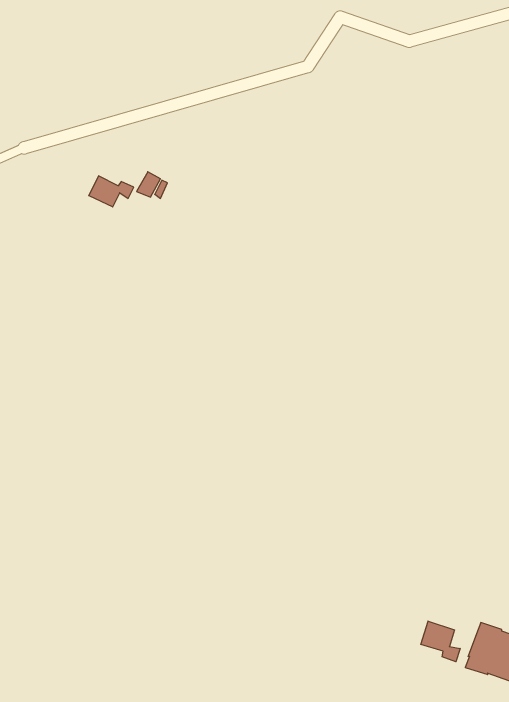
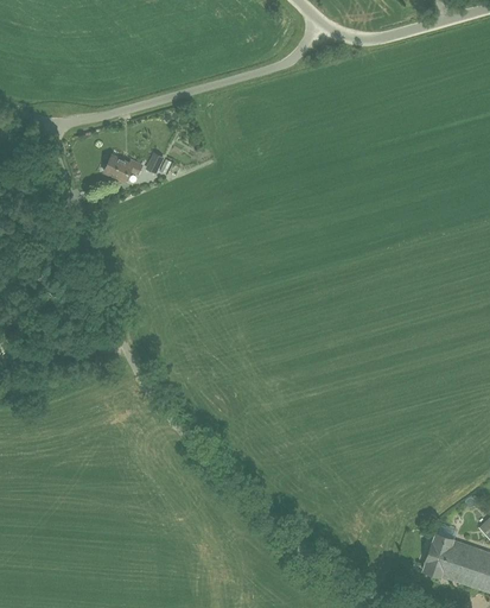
building: [421,621,460,662] -> none

